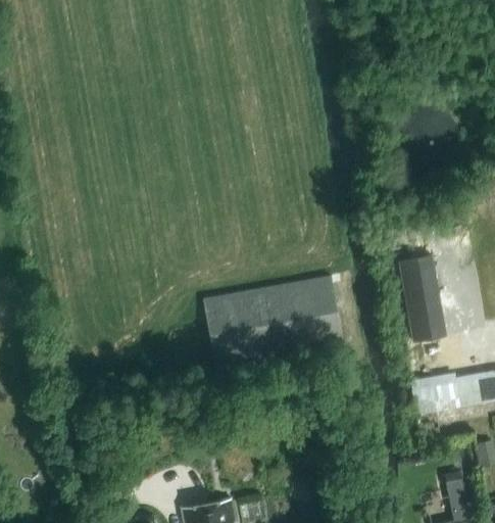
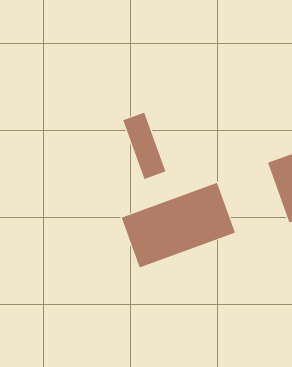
building: none -> [122,112,166,180]

